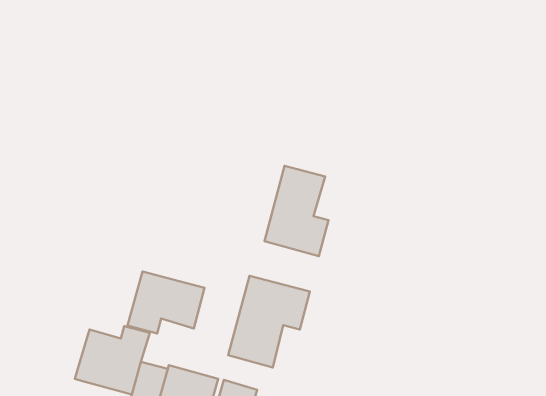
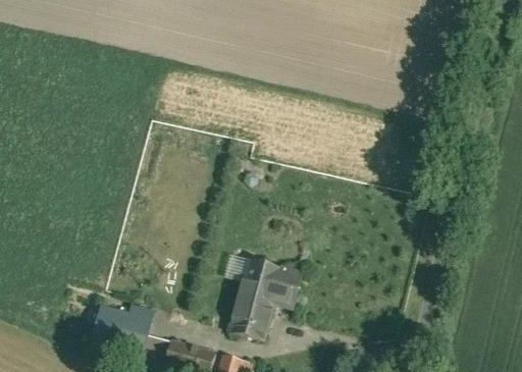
building: [264,166,329,256] -> none
building: [128,271,205,334] -> none

